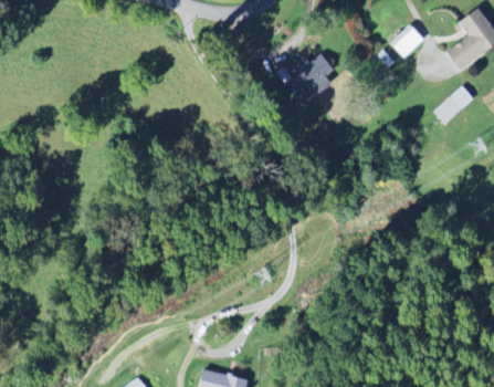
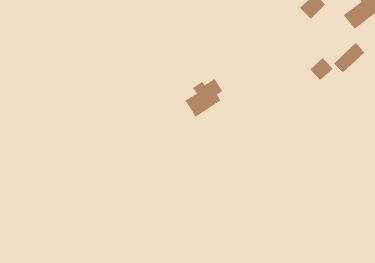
building: [284,54,332,103] -> [185,78,223,118]
building: none -> [310,57,333,81]

